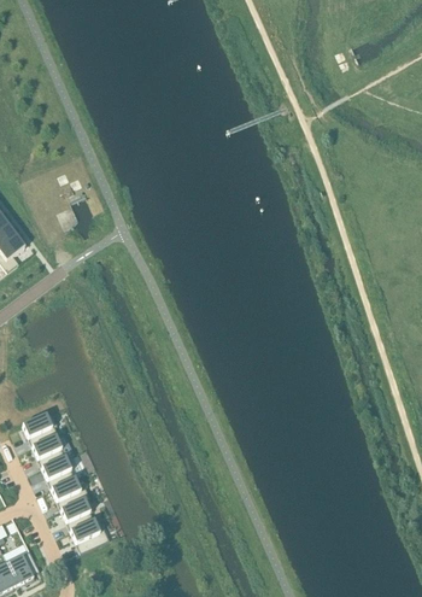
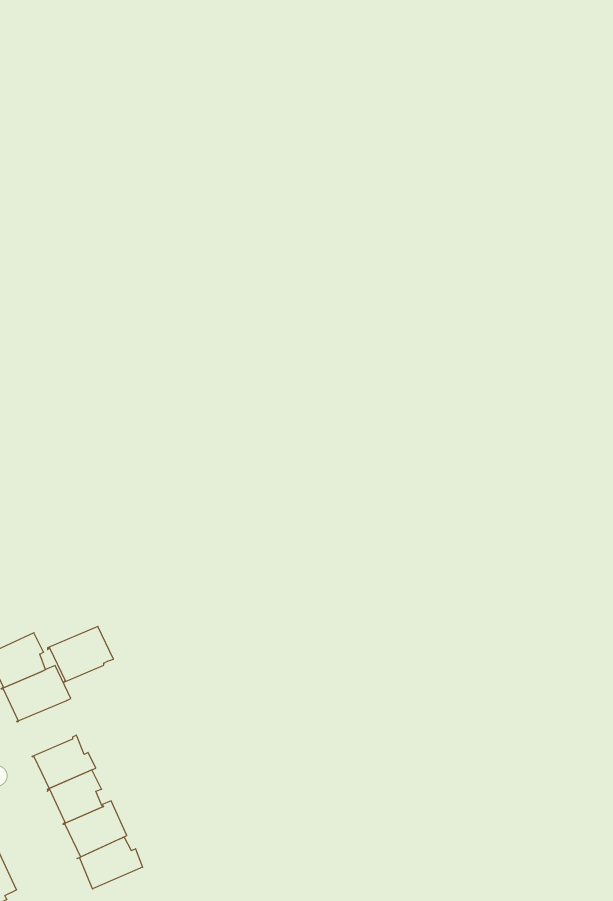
building: [41,453,82,488] -> [48,626,113,682]
building: none -> [77,837,143,889]

